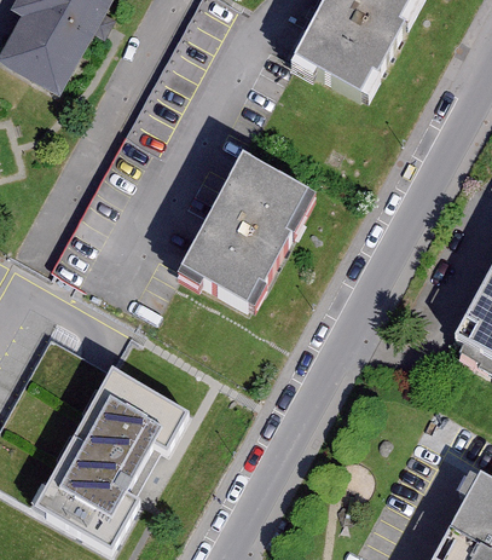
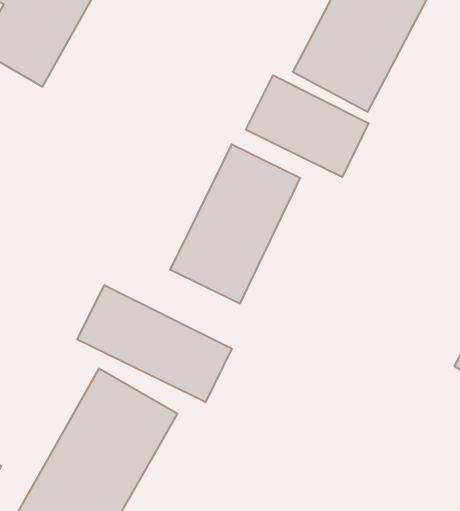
building: none -> [246,75,369,177]
building: none -> [77,285,232,402]

